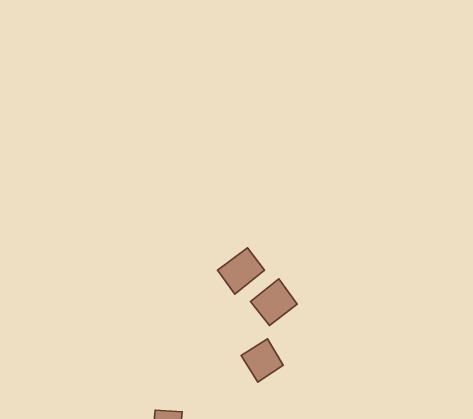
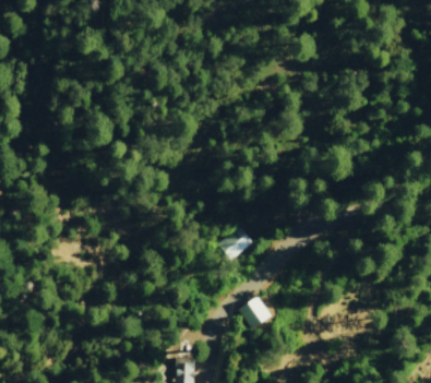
building: [251,279,297,325] -> none

